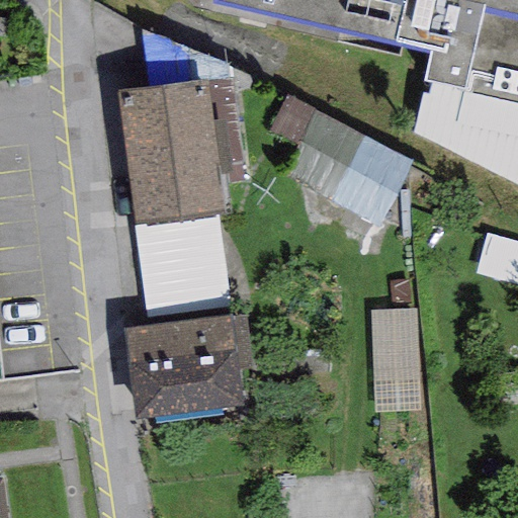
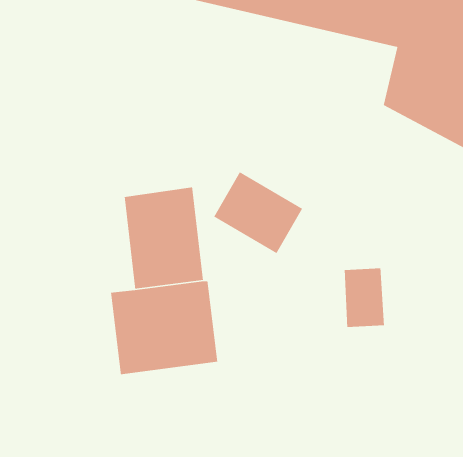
building: [118,77,223,219] -> none
building: [299,122,400,214] -> [213,171,303,254]

